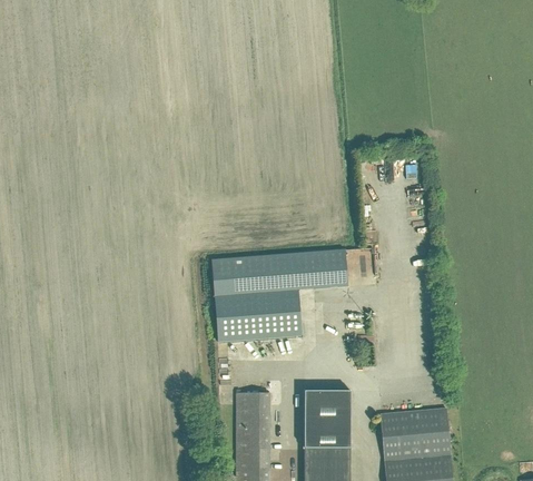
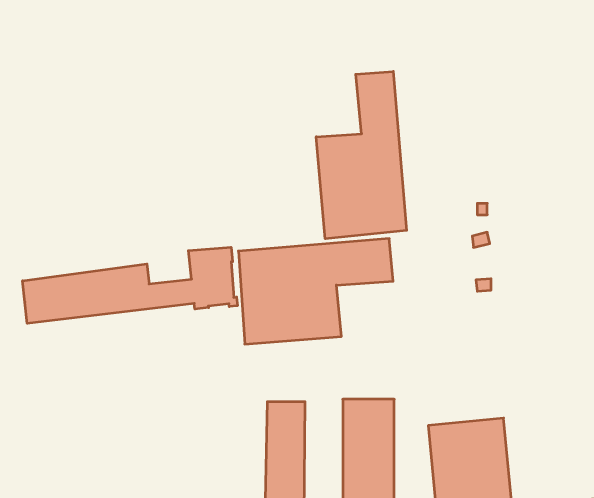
building: none -> [316,71,407,239]
building: none -> [23,247,237,323]

